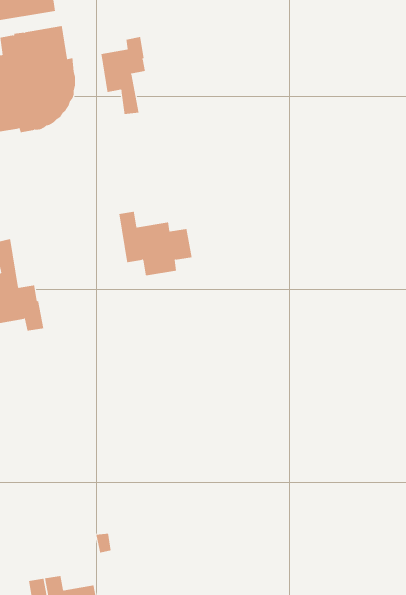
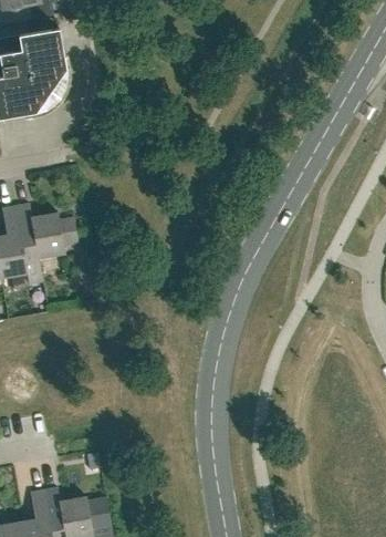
building: [101,36,145,115] -> none
building: [119,211,193,276] -> [15,203,77,257]

